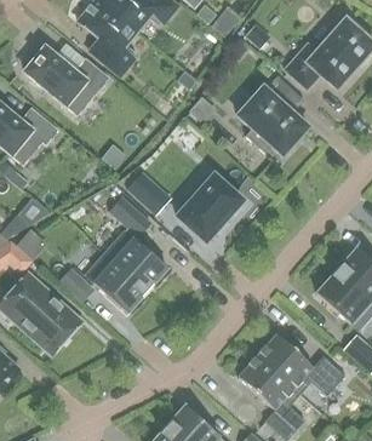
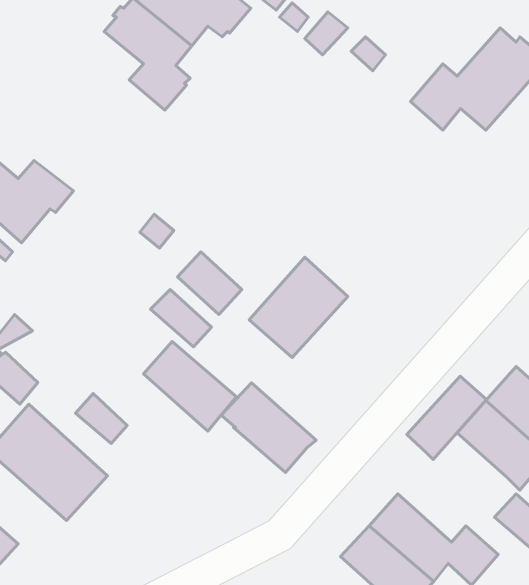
building: [24,47,108,115] -> none
building: [236,75,308,156] -> none
building: [84,253,148,314] -> [221,383,316,472]
building: none -> [407,376,487,459]

